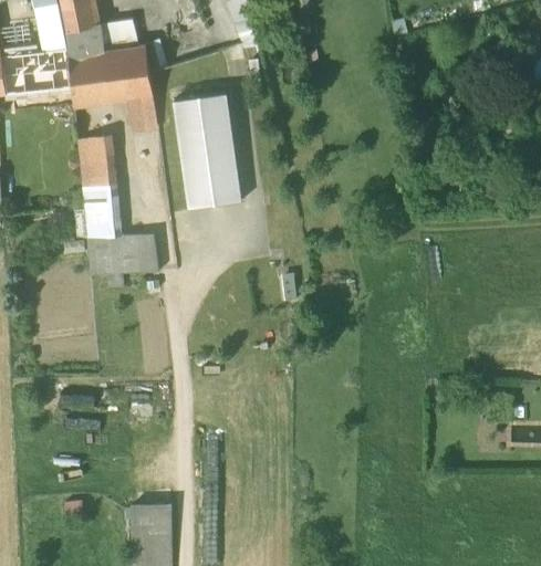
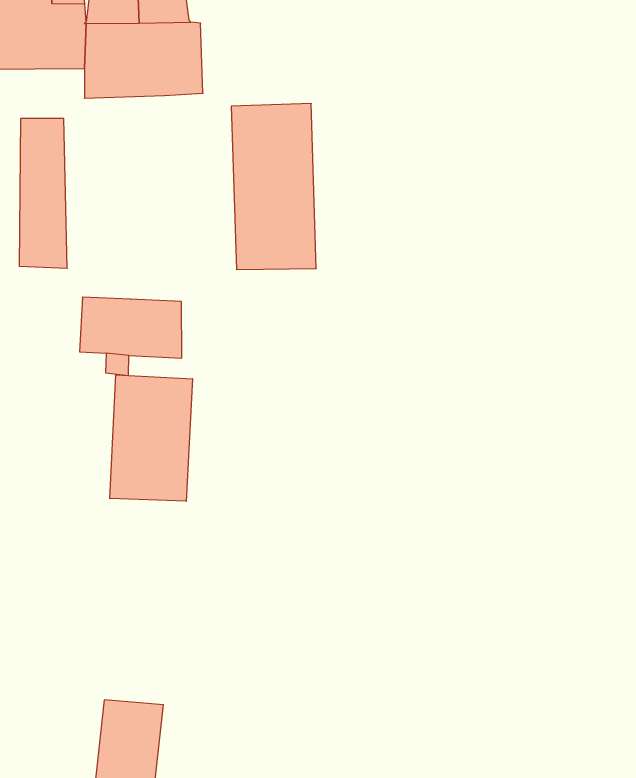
building: [127,94,157,129] -> none
building: [77,137,119,239] -> [19,118,67,268]
building: none -> [110,375,192,501]

